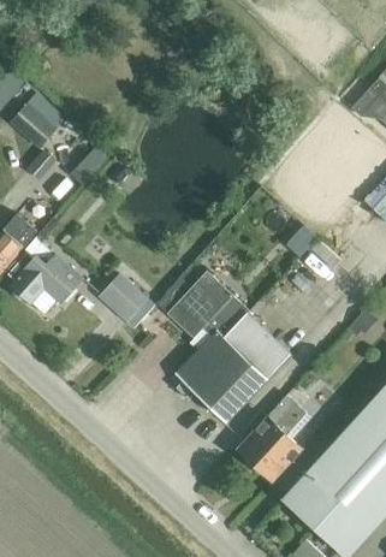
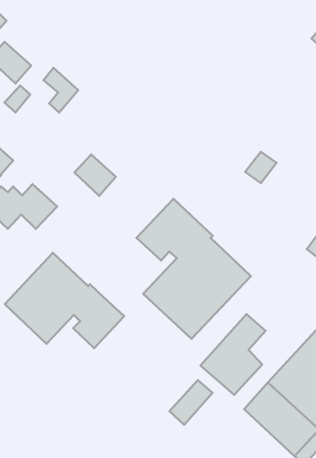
building: [101,278,146,322] -> [74,154,116,196]
building: none -> [5,253,124,348]
building: none -> [169,380,212,425]

